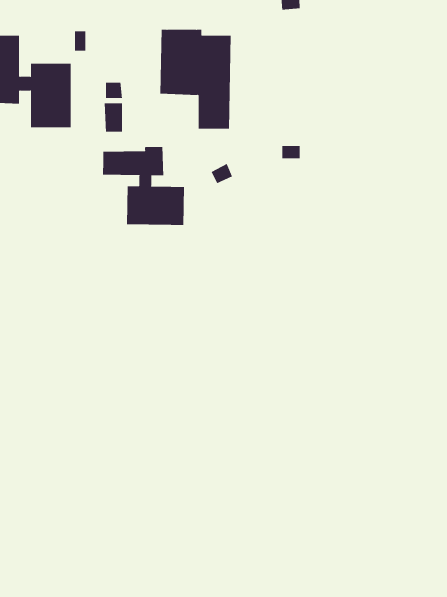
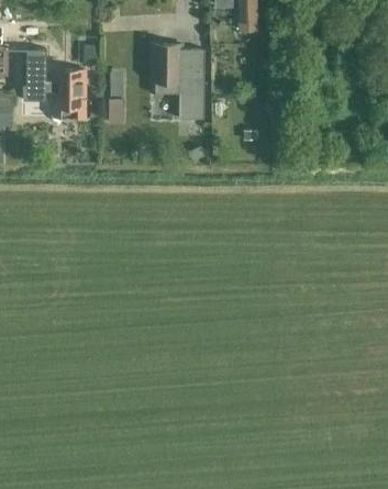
building: [102,146,184,226] -> none

